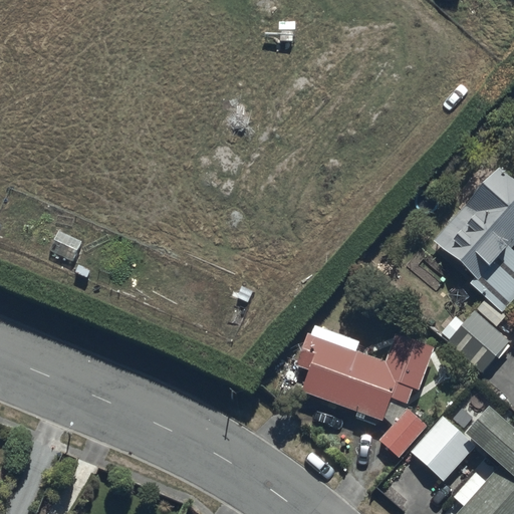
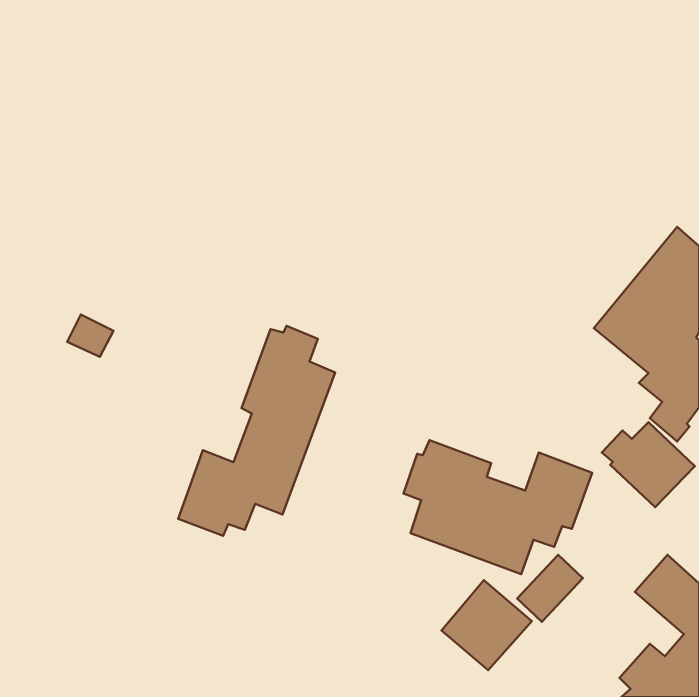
building: none -> [178,326,335,536]
building: [410,415,476,481] -> [442,580,532,670]

